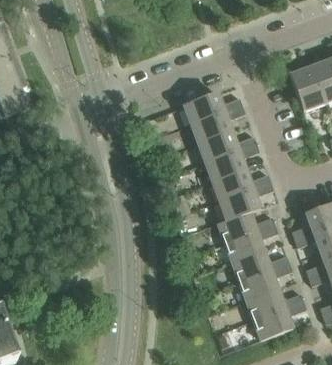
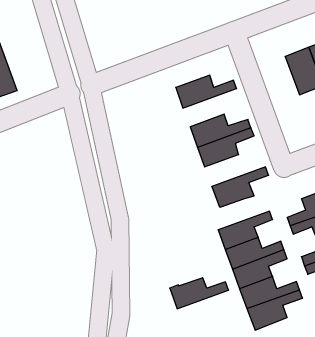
building: [190,105,245,142] -> none
building: [211,169,270,200] -> none
building: [217,212,274,242] -> [170,278,229,309]

